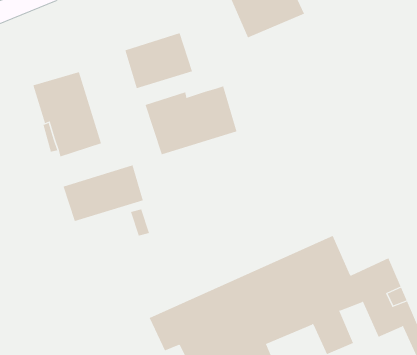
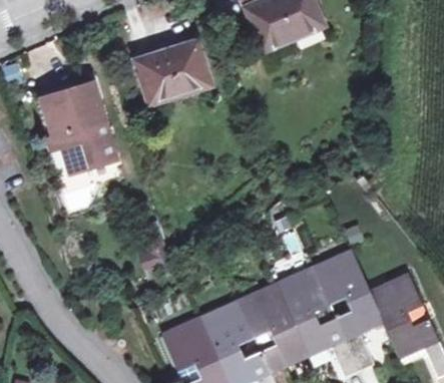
building: [145,86,237,155] -> none
building: [63,164,143,222] -> none

